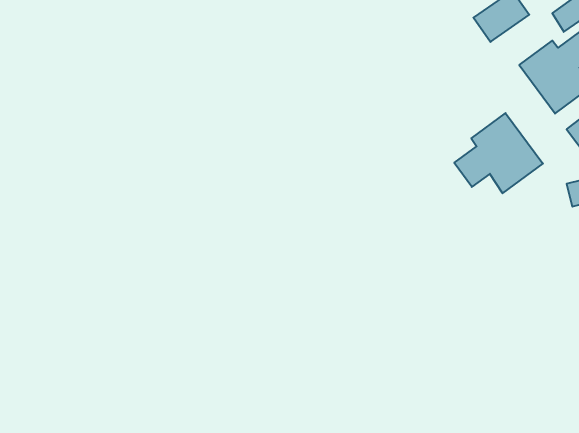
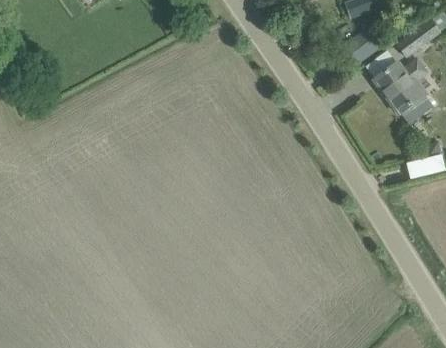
building: [454,113,543,193] -> none

